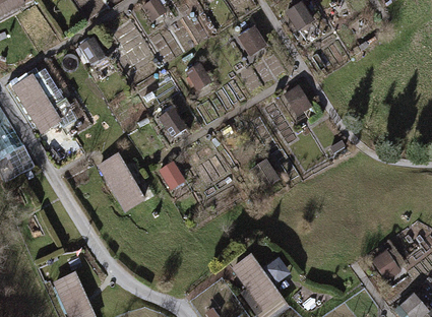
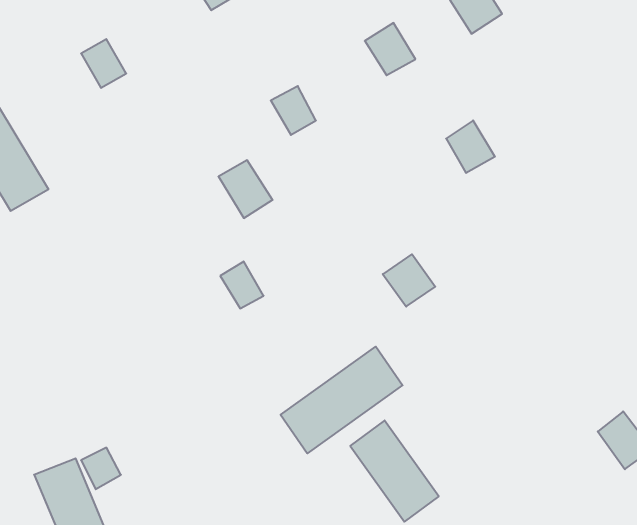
building: [99,153,145,211] -> none
building: none -> [281,347,403,453]

